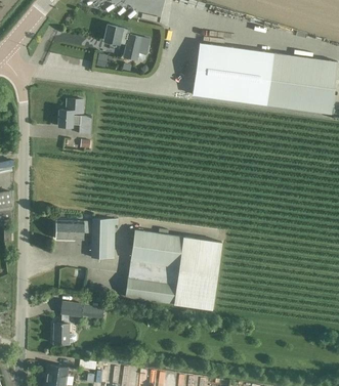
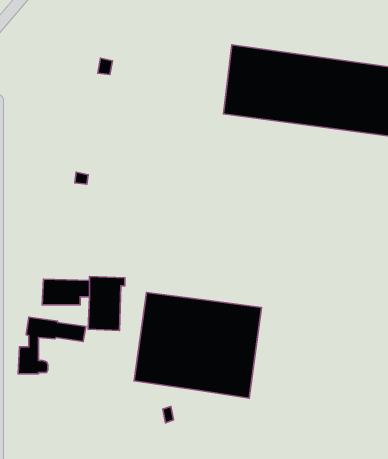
building: [103,25,151,61] -> none
building: [58,99,91,135] -> none
building: [53,301,104,344] -> [18,317,86,374]

